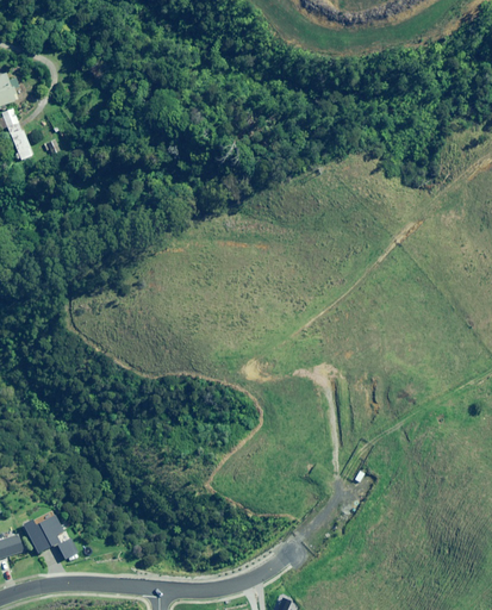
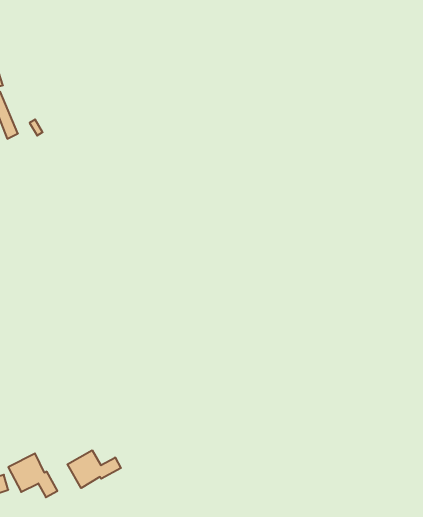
building: none -> [67,450,121,488]

